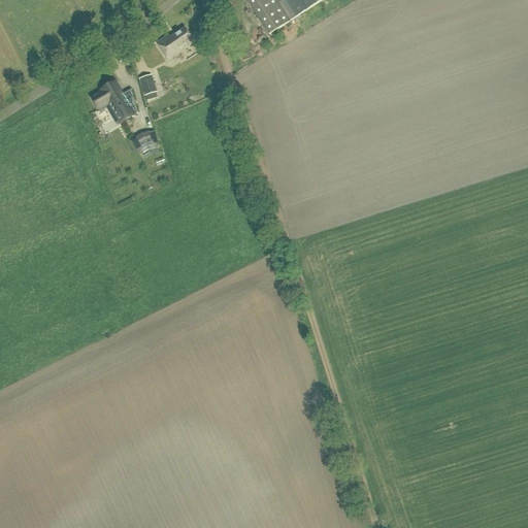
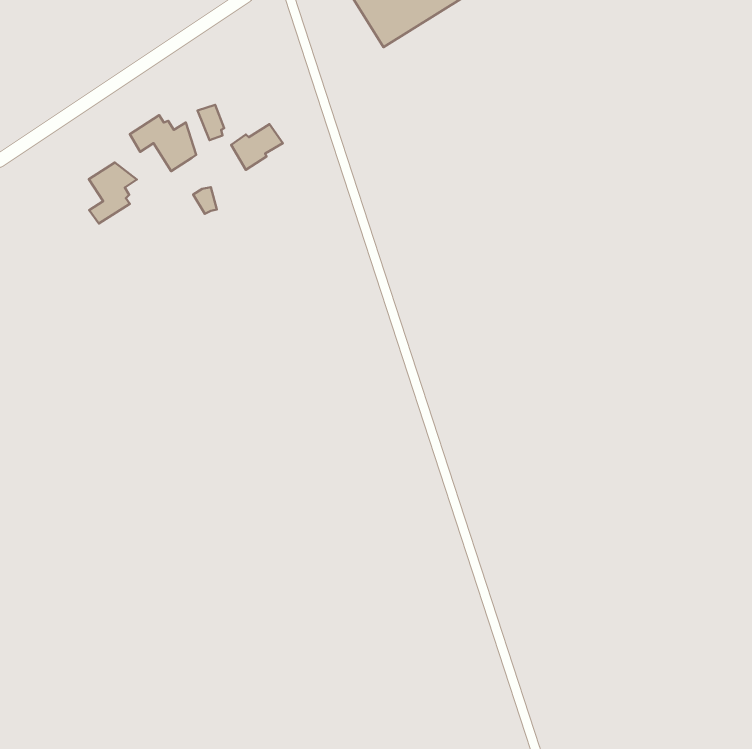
building: [156,26,192,58] -> [231,124,283,170]
building: none -> [89,162,137,223]

